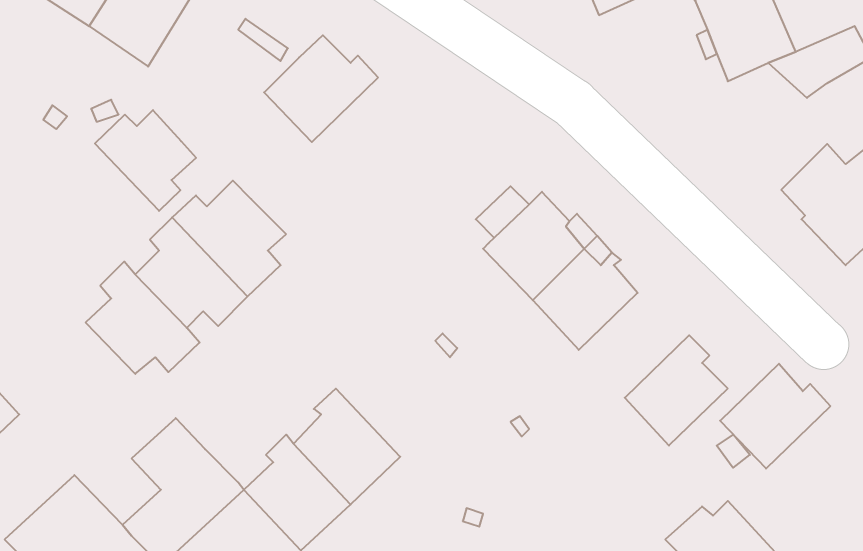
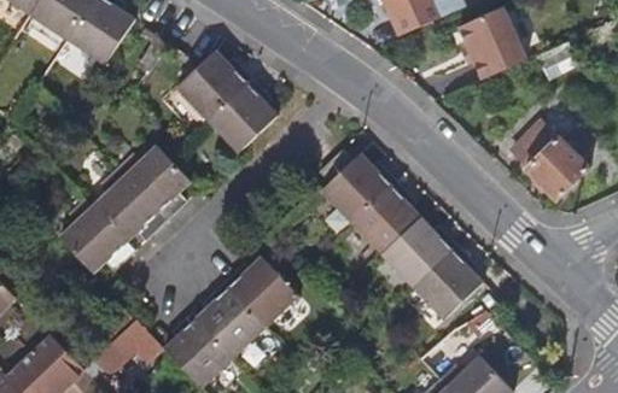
building: none -> [208,78,278,153]
building: [95,110,196,211] -> none
building: none -> [223,252,303,327]
building: [720,364,830,469] -> [383,219,455,288]

